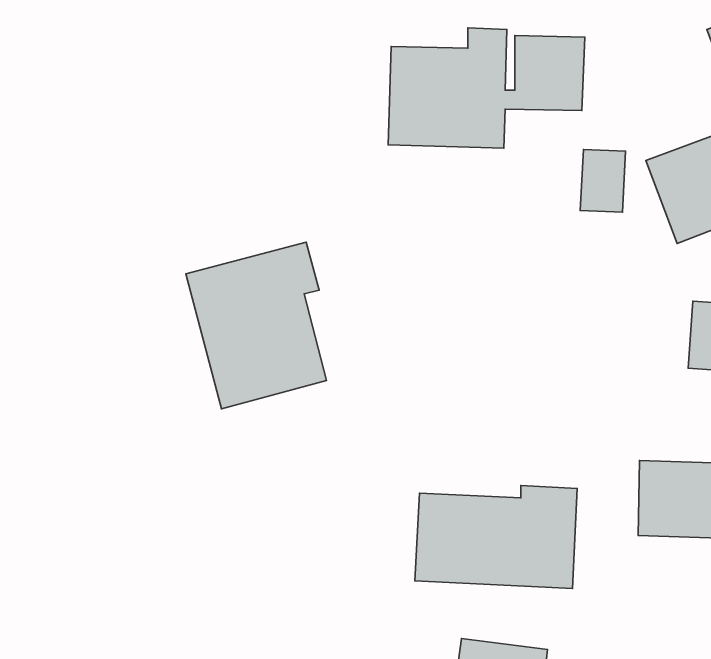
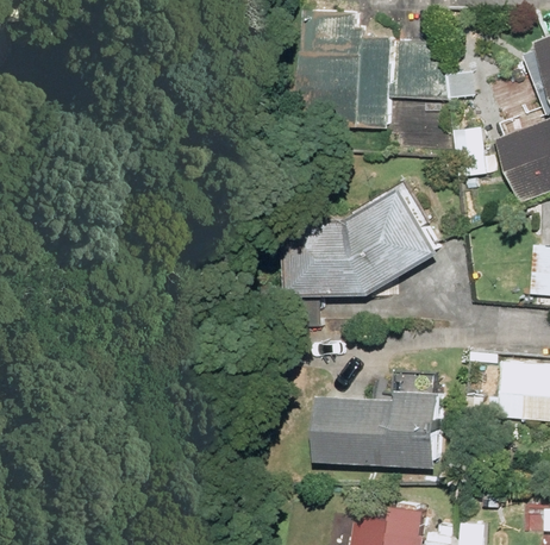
building: none -> [282,184,446,294]
building: [186,242,327,409] -> none

